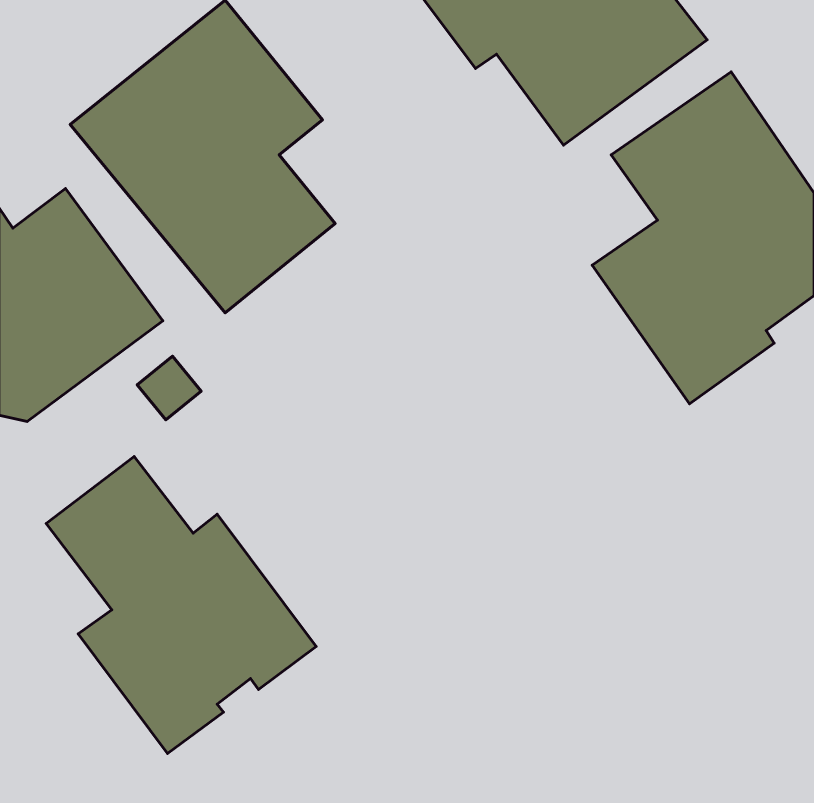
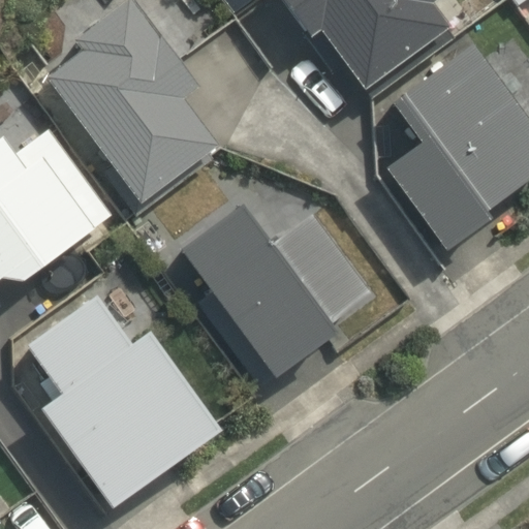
building: none -> [167,179,385,385]

